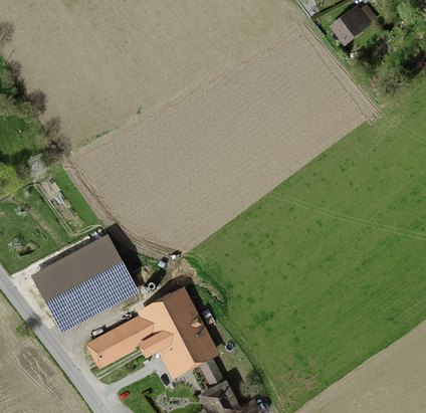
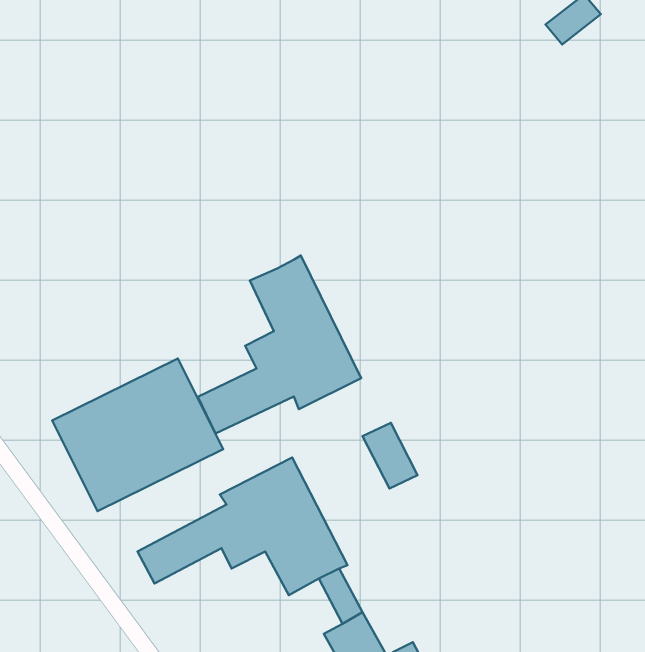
building: none -> [198,255,361,434]
building: none -> [363,423,418,488]

